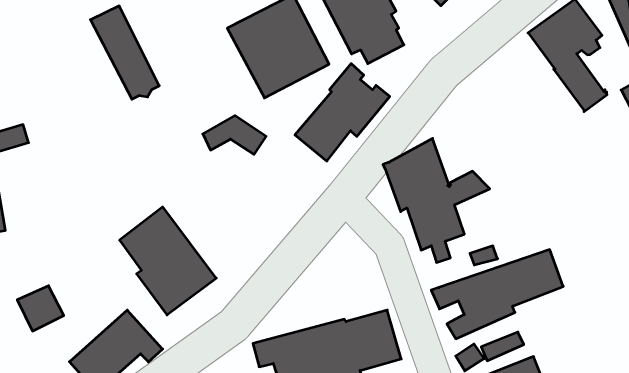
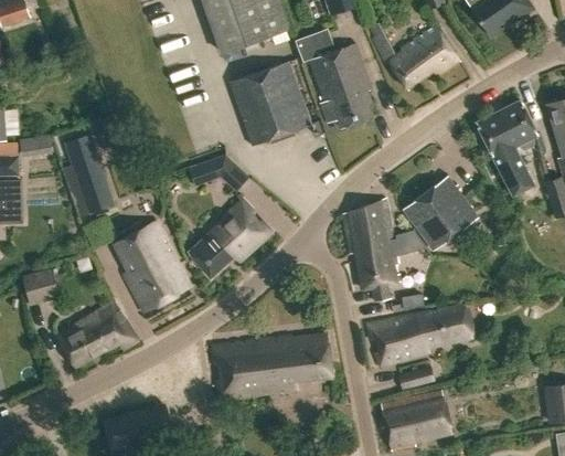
building: [90,6,159,99] -> [65,135,114,213]
building: [295,64,390,161] -> [188,201,270,278]
building: none -> [403,177,477,250]

